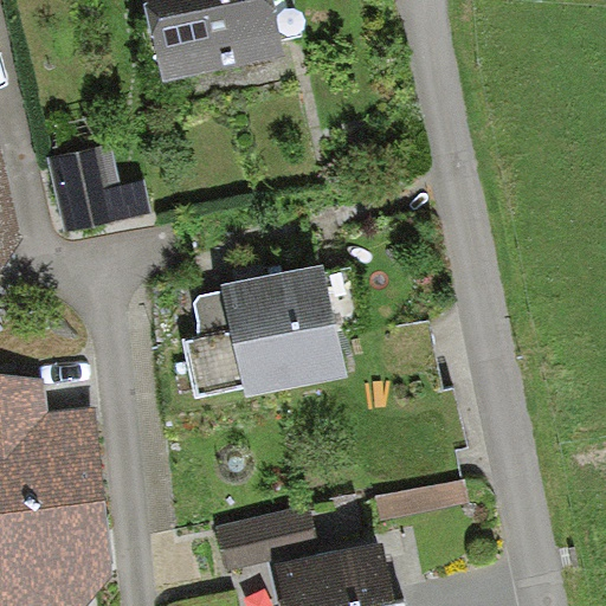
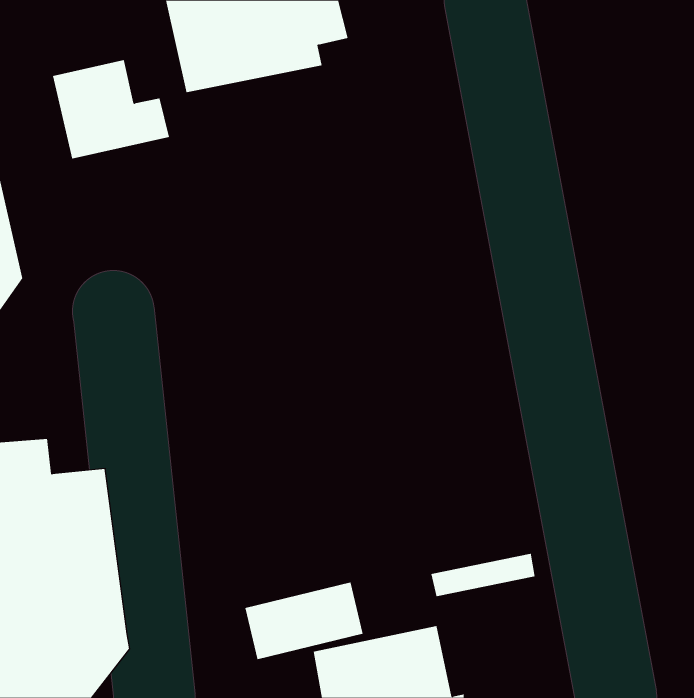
building: [47,144,149,231] -> [52,59,170,159]
building: [181,265,339,397] -> none

